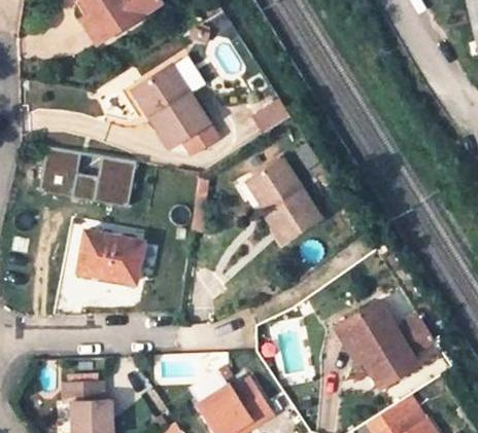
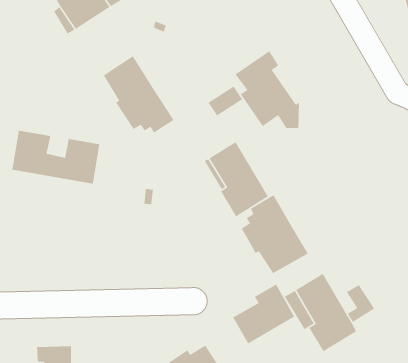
building: none -> [235,50,300,129]
building: none -> [241,194,309,274]
building: [76,229,142,281] -> none
building: none -> [232,283,295,345]

